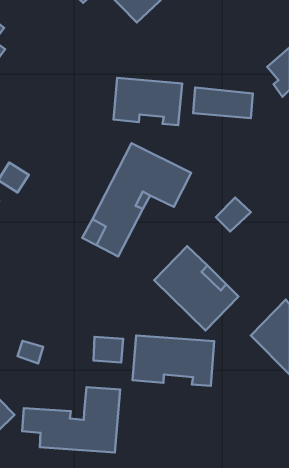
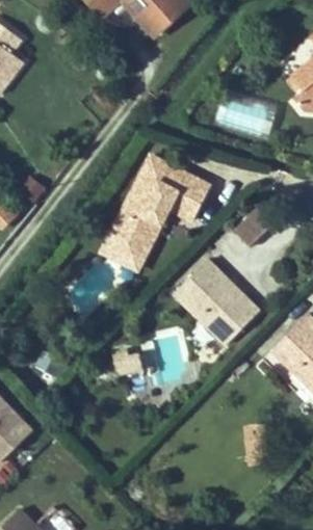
building: [113,78,182,125] -> none
building: [133,336,214,386] -> none
building: [22,387,120,452] -> none

